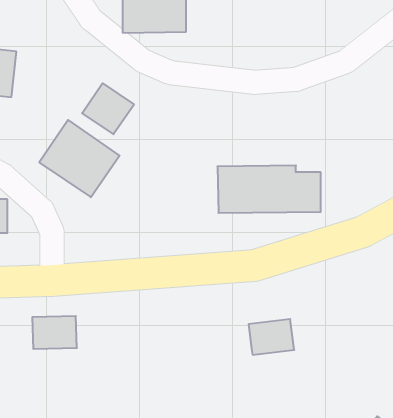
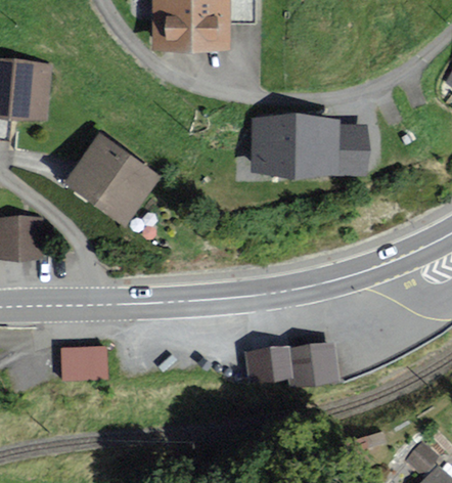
building: [82,83,134,134] -> none
building: [217,165,321,213] -> [256,121,362,170]
building: none -> [245,348,289,381]

